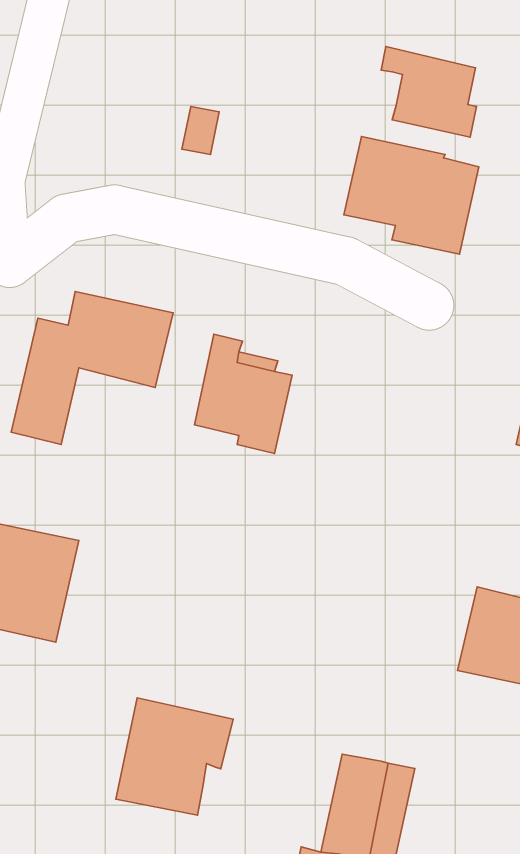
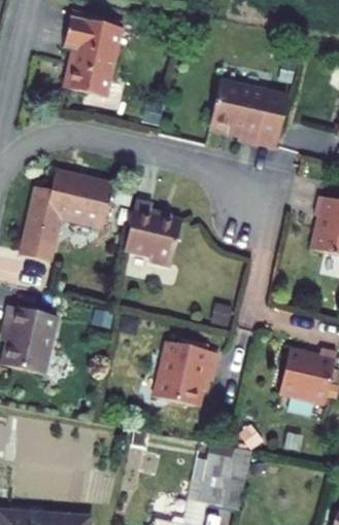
building: none -> [61,20,120,100]
building: [381,47,477,137] -> none
building: [116,698,233,815] -> [154,338,222,406]

